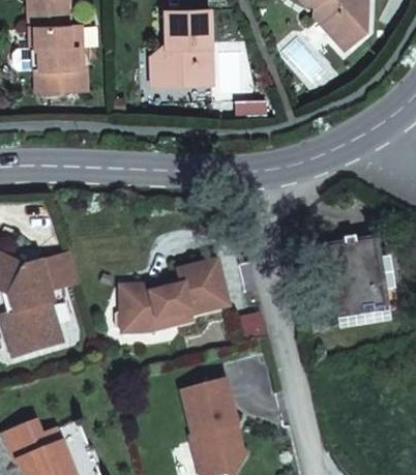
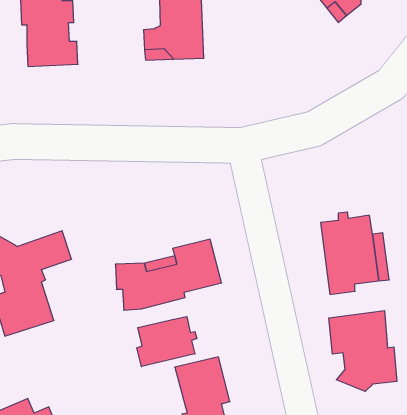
building: none -> [329,311,397,391]
building: none -> [137,317,197,367]

